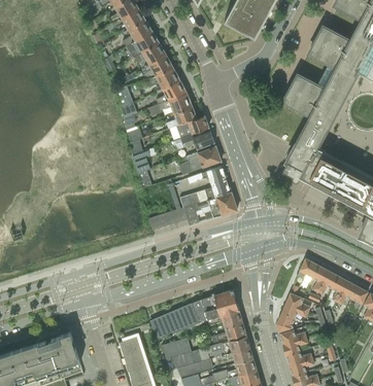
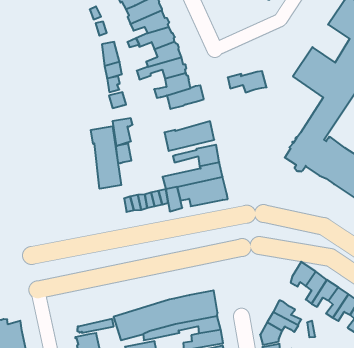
building: [180,130,214,149] -> [228,71,267,92]
building: none -> [91,126,121,189]

